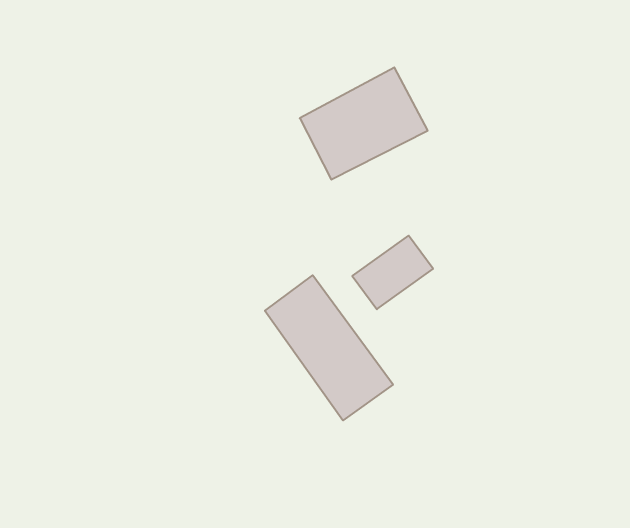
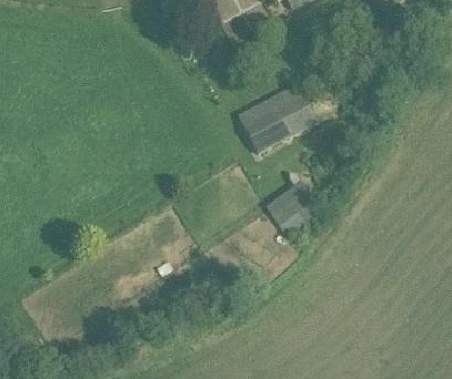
building: [265,275,393,420] -> none

